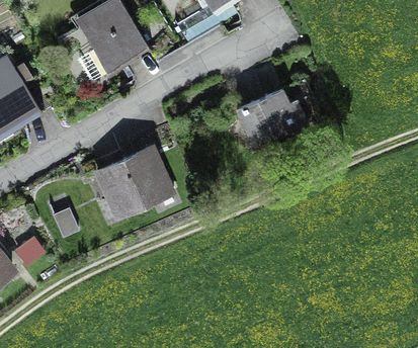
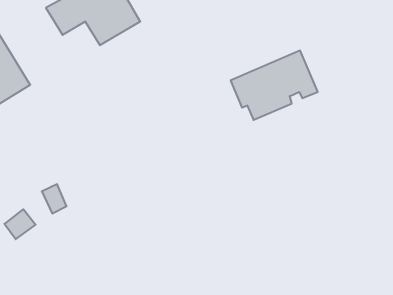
building: [99,148,171,231] -> none

